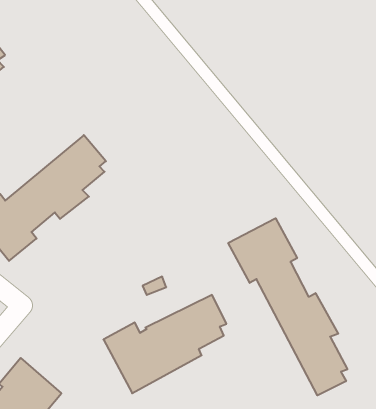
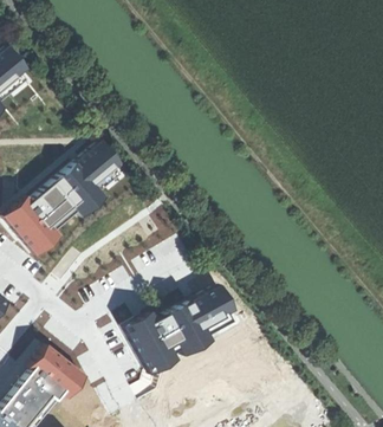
building: [228,218,347,395] -> none

